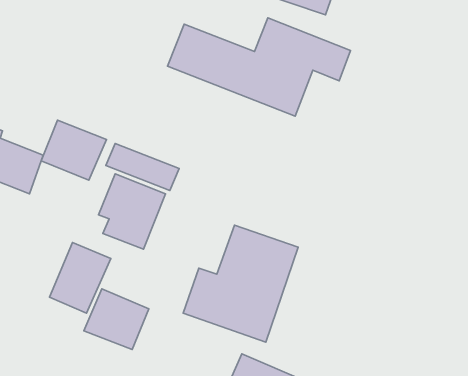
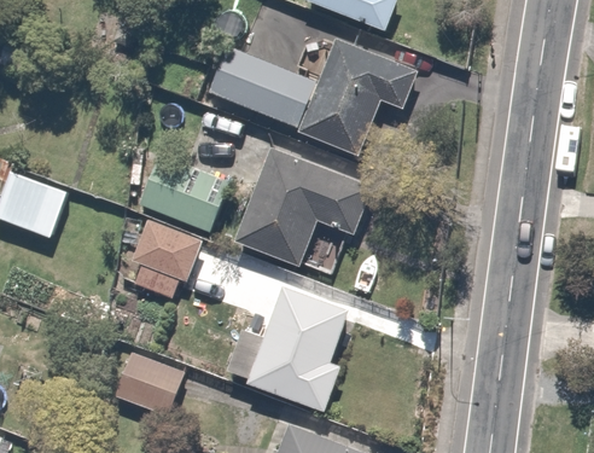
building: none -> [235,151,375,265]
building: [41,120,107,180] -> none
building: [50,243,111,313] -> none

